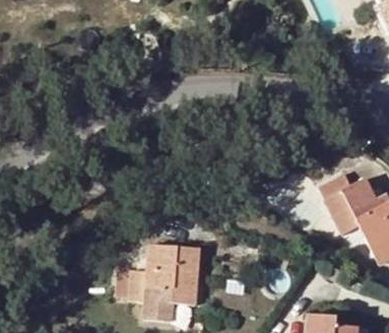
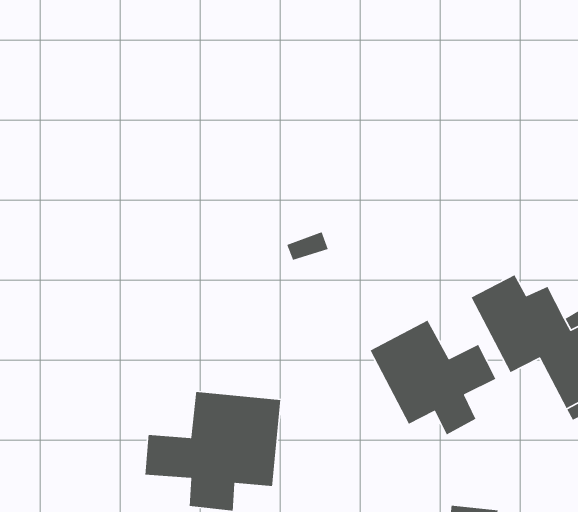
building: none -> [369,319,497,436]

